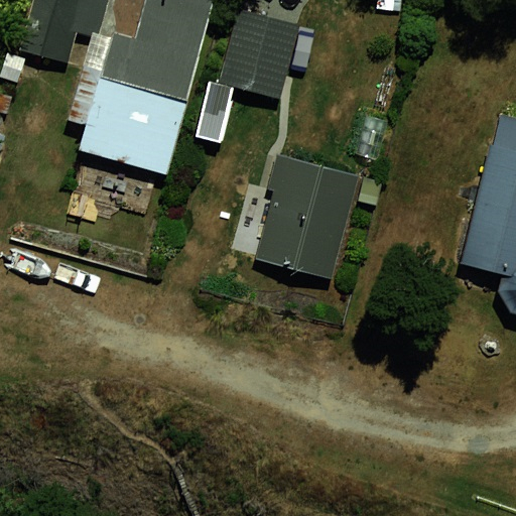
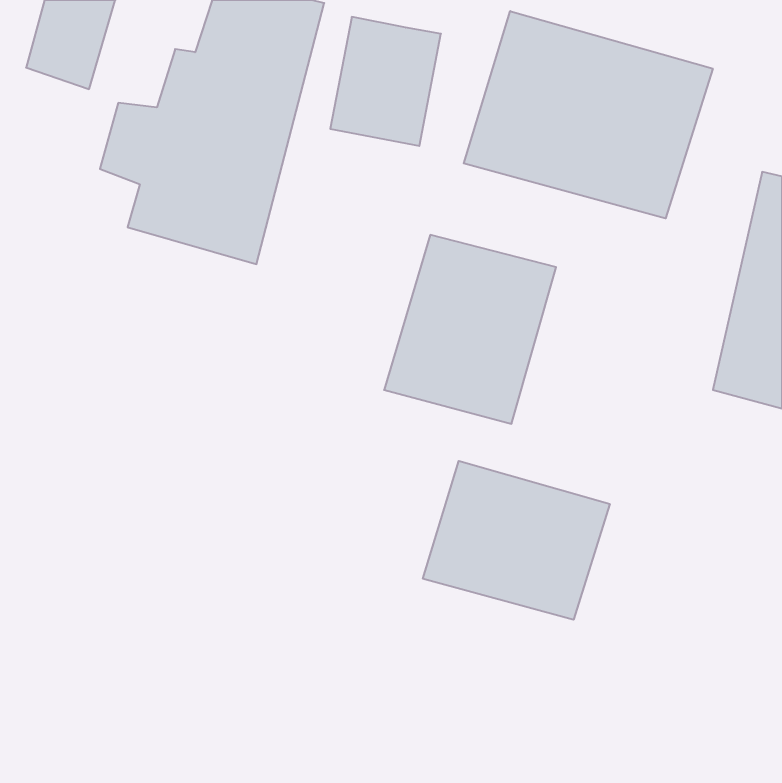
building: none -> [464,11,713,218]
building: none -> [423,461,610,620]

